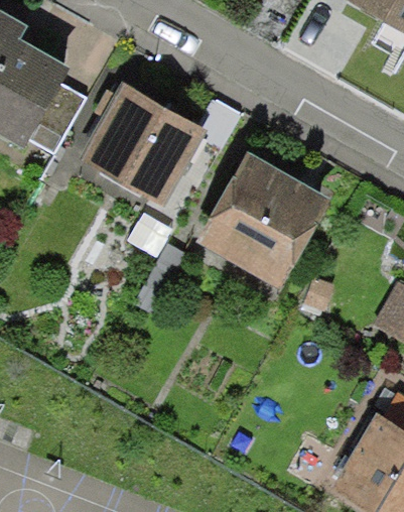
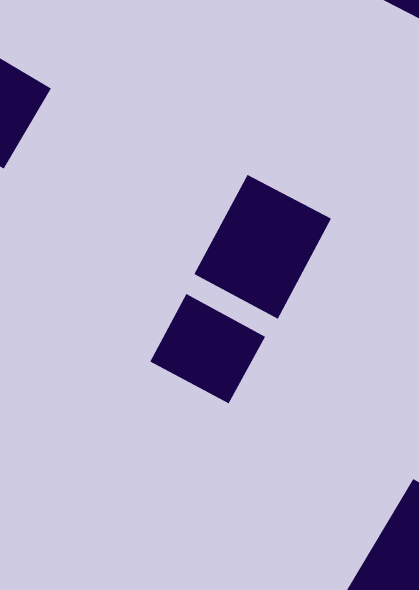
building: [81,88,201,206] -> none
building: none -> [150,293,266,404]

